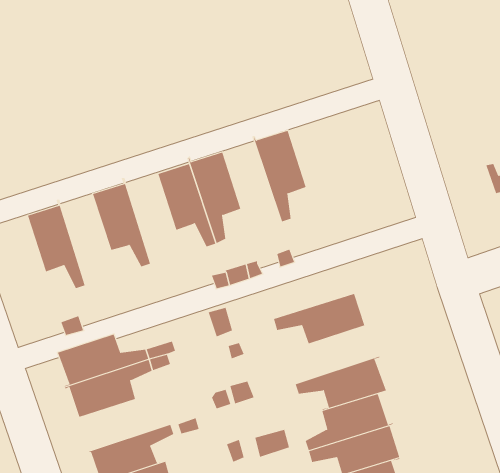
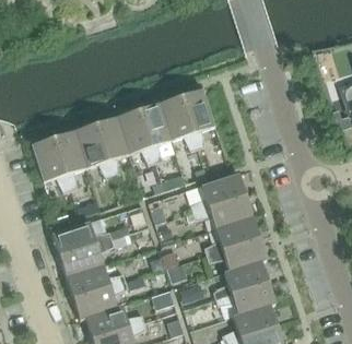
building: none -> [160,93,198,151]
building: none -> [95,117,129,176]
building: none -> [52,130,86,190]
building: none -> [190,173,248,212]
building: none -> [204,216,262,254]
building: none -> [66,264,126,299]

